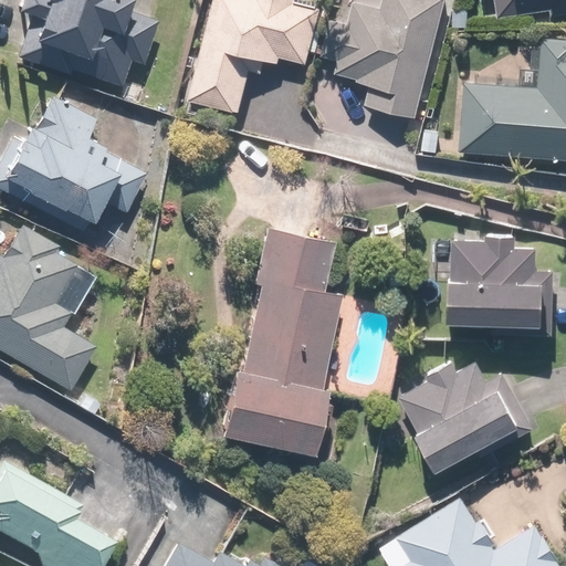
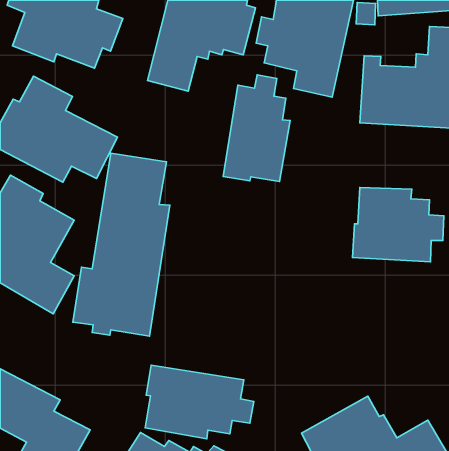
building: none -> [223,75,290,182]
building: [217,227,338,455] -> [73,153,170,336]
building: [399,363,535,475] -> none
building: none -> [145,365,254,439]

